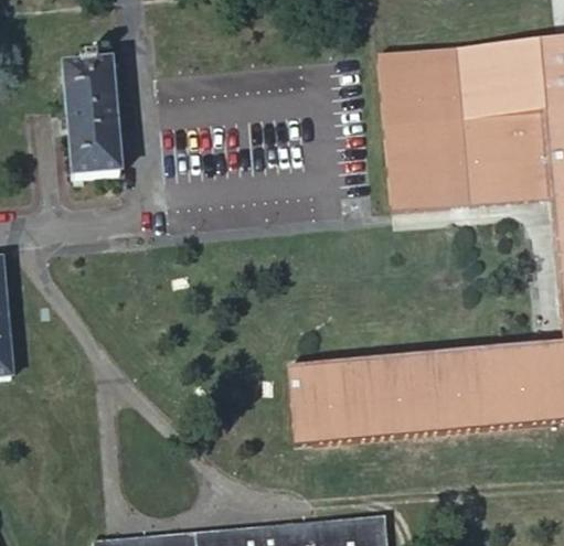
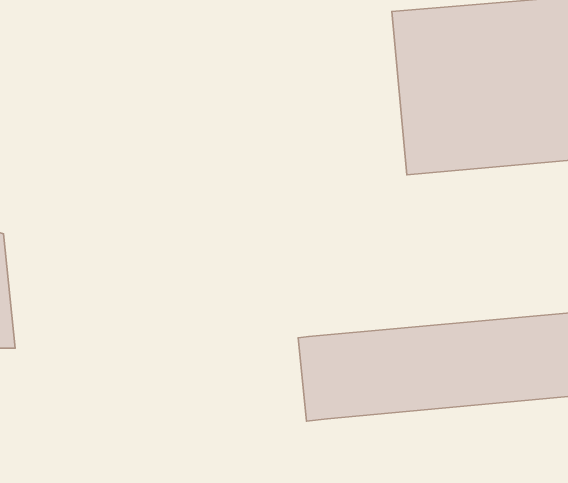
building: [65,60,123,178] -> none

